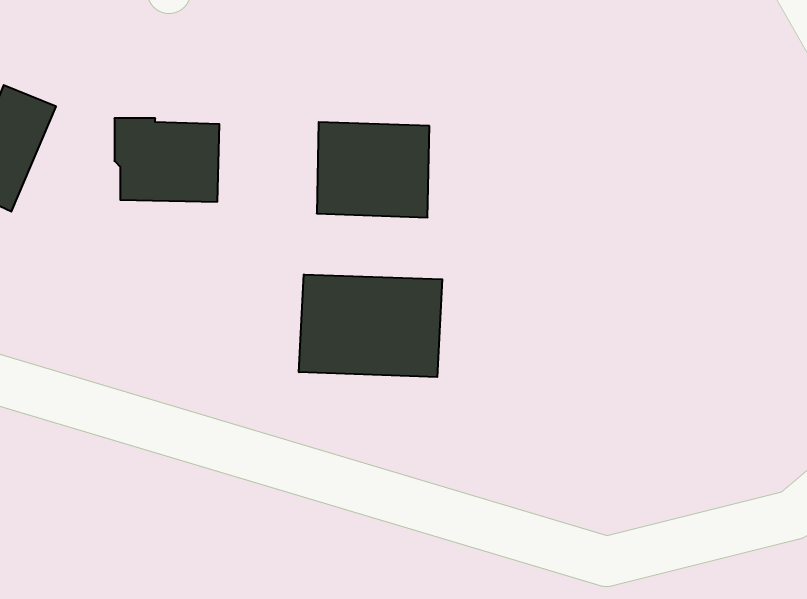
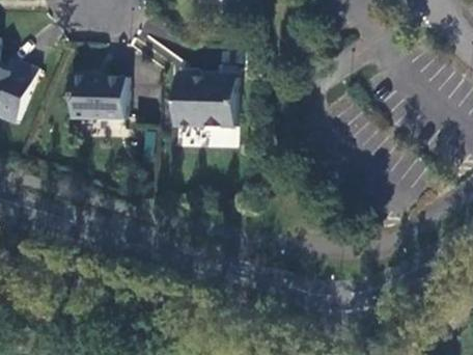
building: [299,274,442,377] -> none

